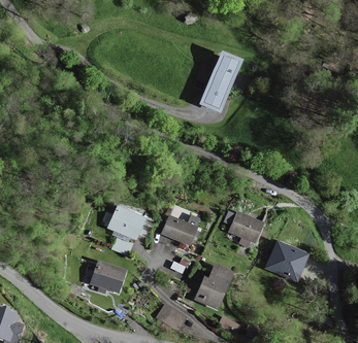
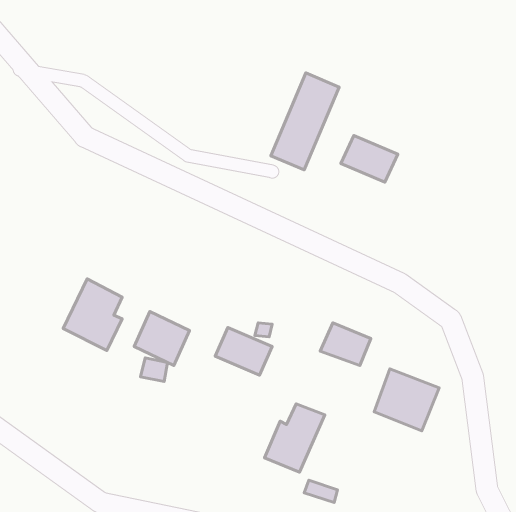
building: none -> [341,135,398,182]
building: none -> [63,279,122,350]
building: [90,261,126,294] -> none

